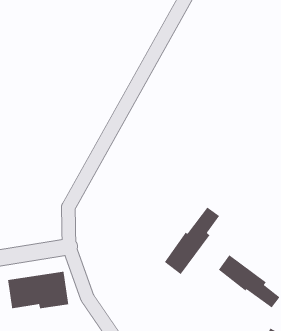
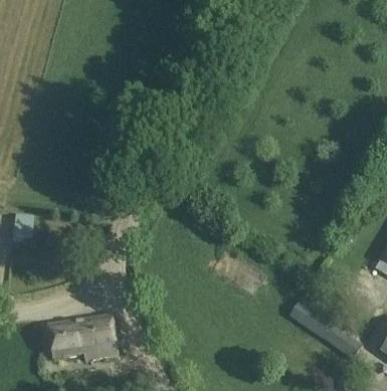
building: [164,206,220,275] -> none

